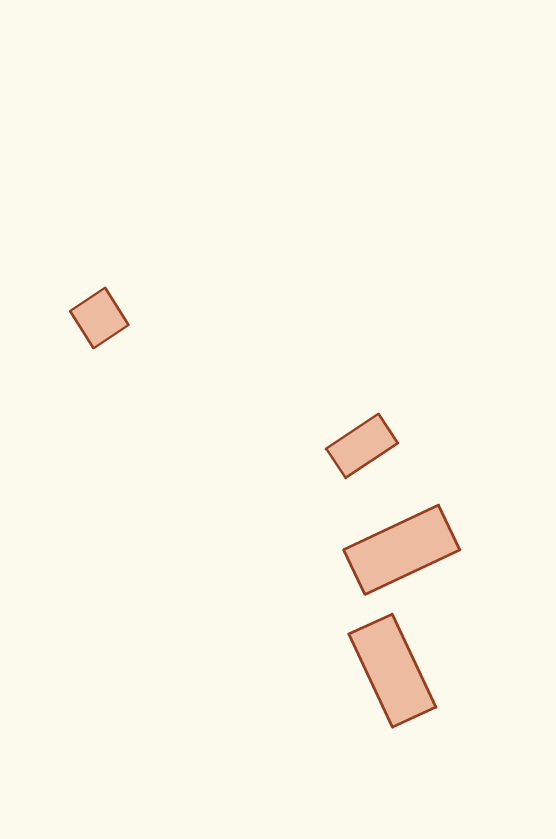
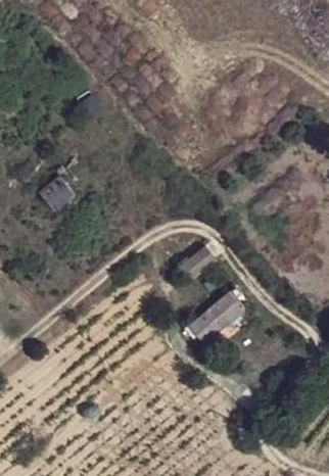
building: [349,614,436,727] -> none

